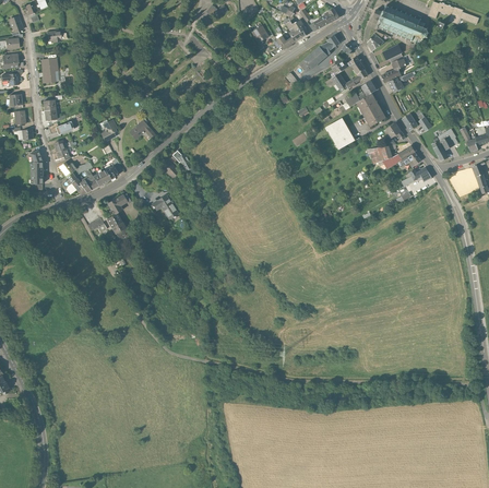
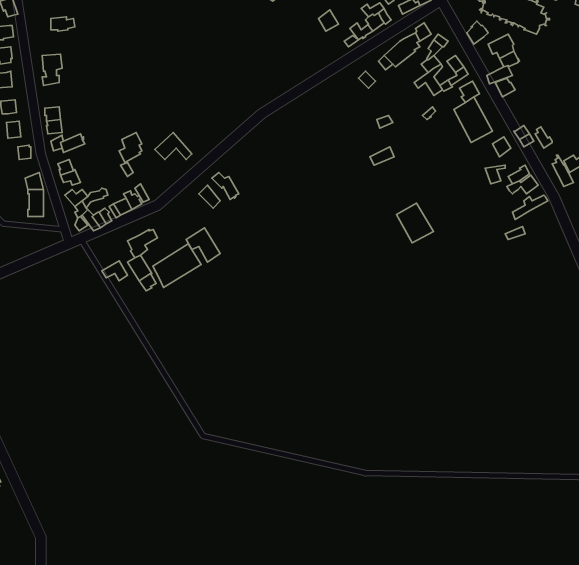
building: [326,118,355,148] -> [397,203,434,243]
building: none -> [153,244,201,288]

